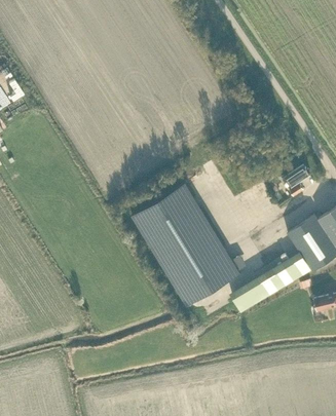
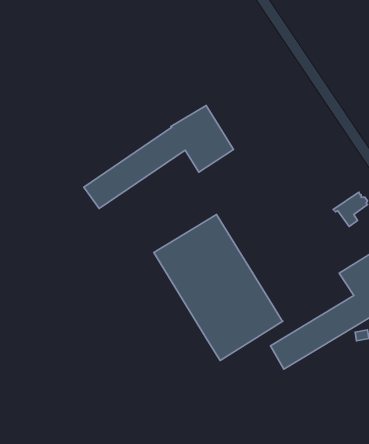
building: none -> [84,105,234,209]

